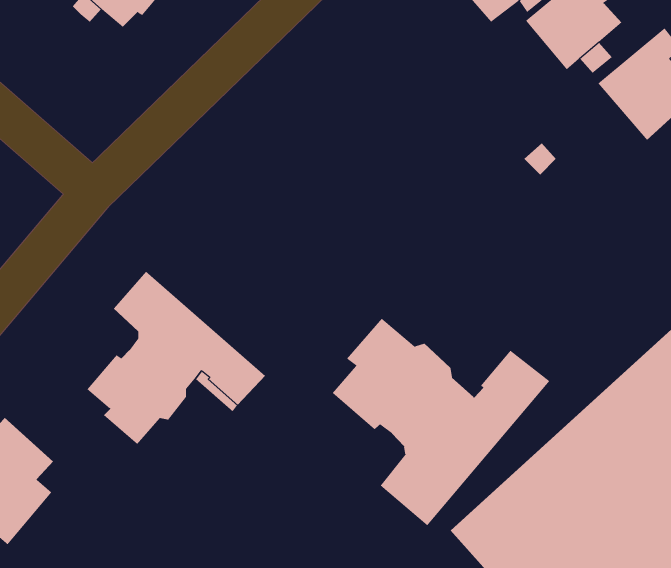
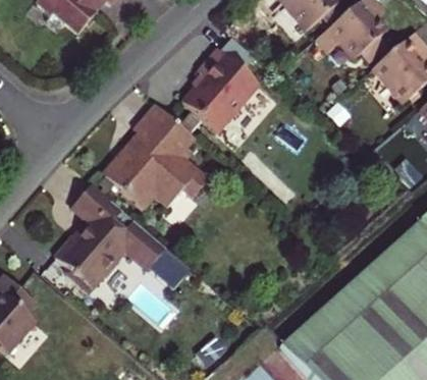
building: none -> [183,48,260,131]
building: none -> [103,103,209,207]
building: [332,318,550,526] -> none

